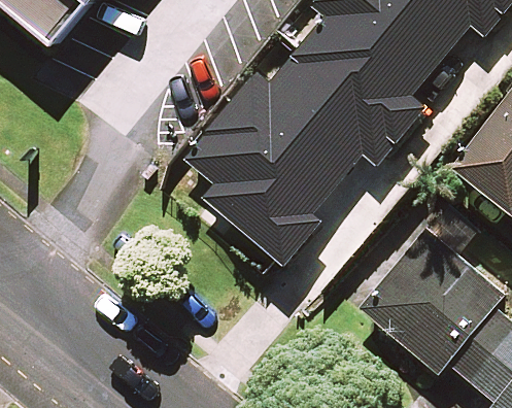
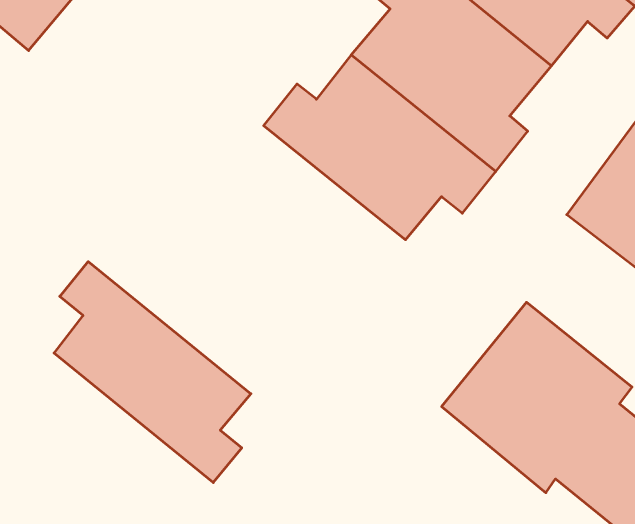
building: [183,101,335,265] -> none
building: none -> [54,262,251,483]

